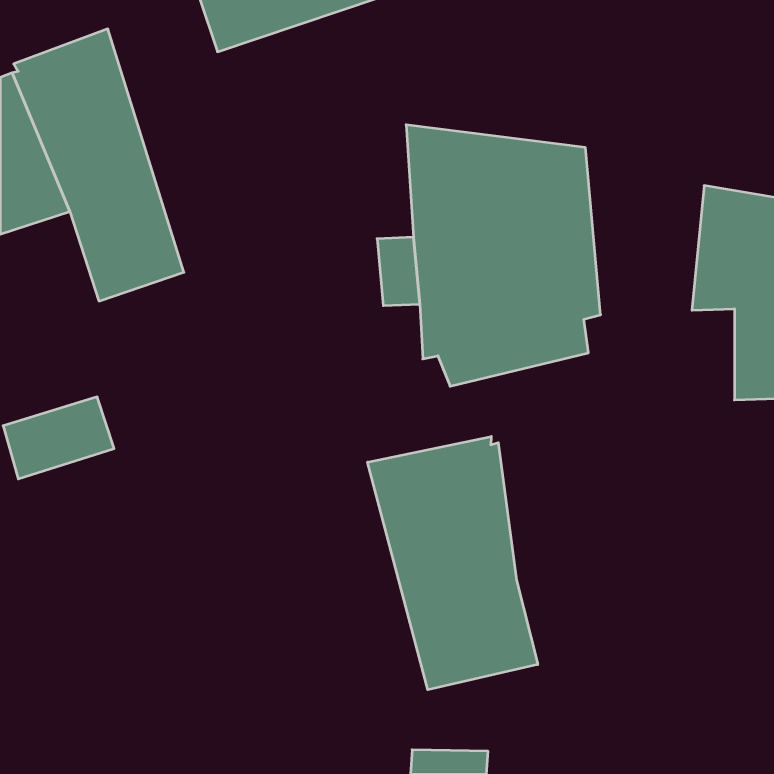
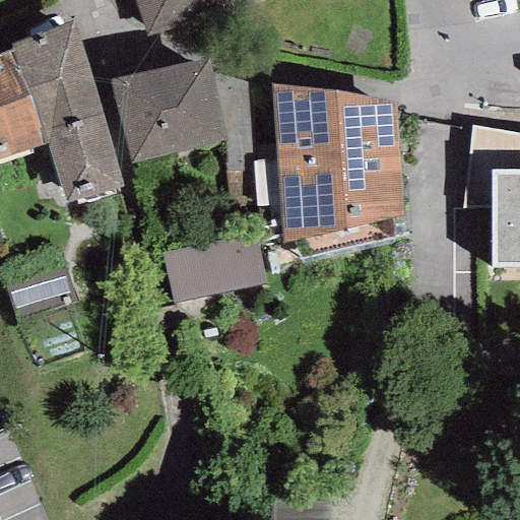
building: none -> [112,57,228,161]
building: none -> [164,233,266,302]
building: [368,436,538,690] -> none

